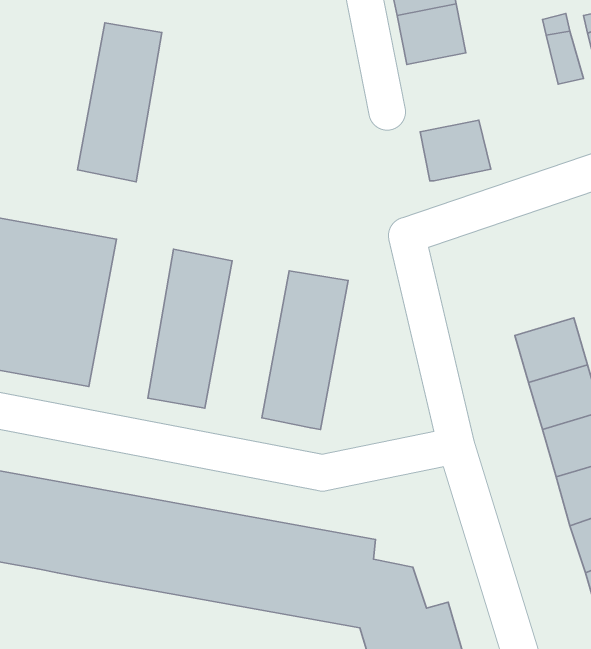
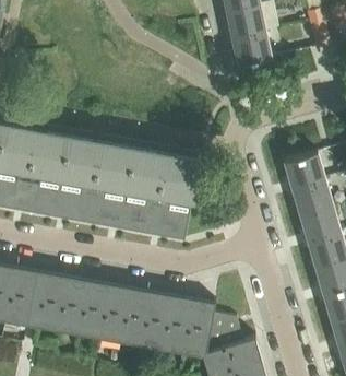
building: [77,23,162,182] -> [56,137,103,225]
building: [420,120,491,181] -> [232,33,272,67]
building: none -> [120,149,167,236]
building: none -> [285,153,325,190]

